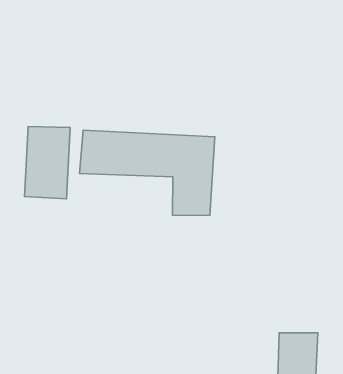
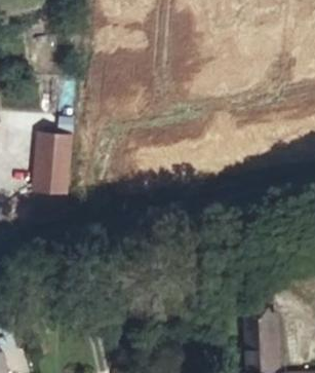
building: [80,130,215,216] -> none

